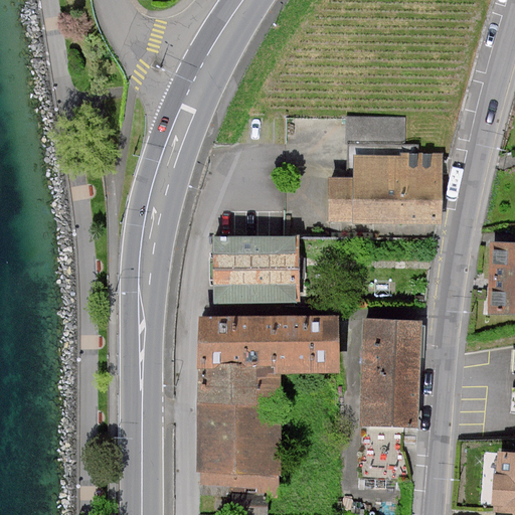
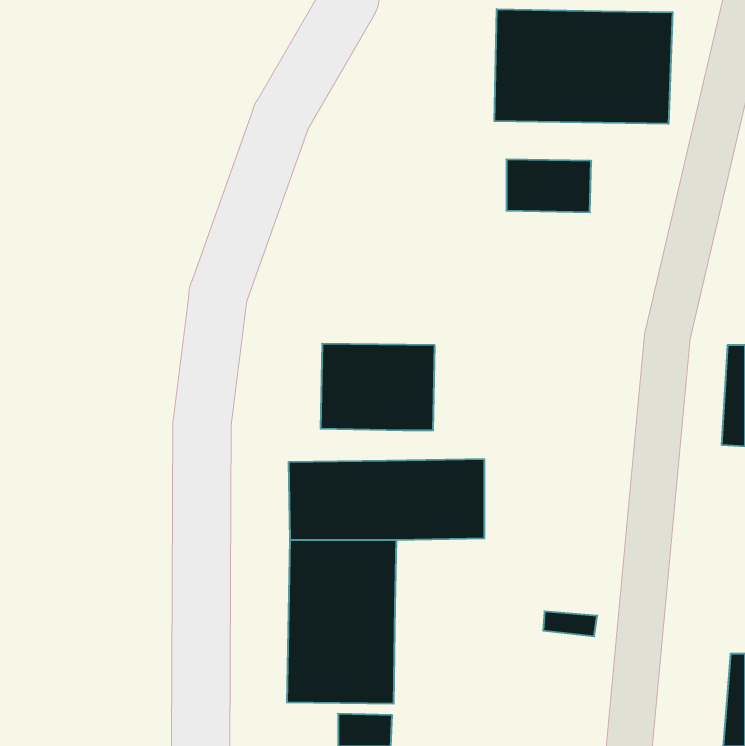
building: none -> [494,9,672,124]
building: [329,155,438,220] -> none
building: [366,317,420,420] -> none

